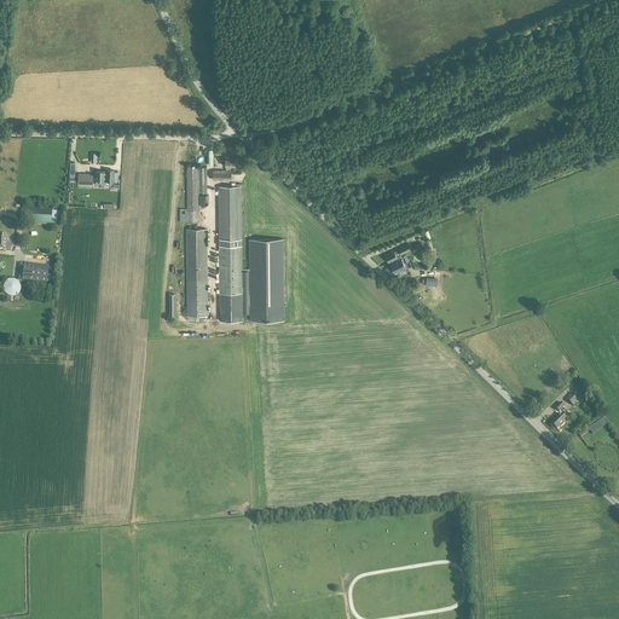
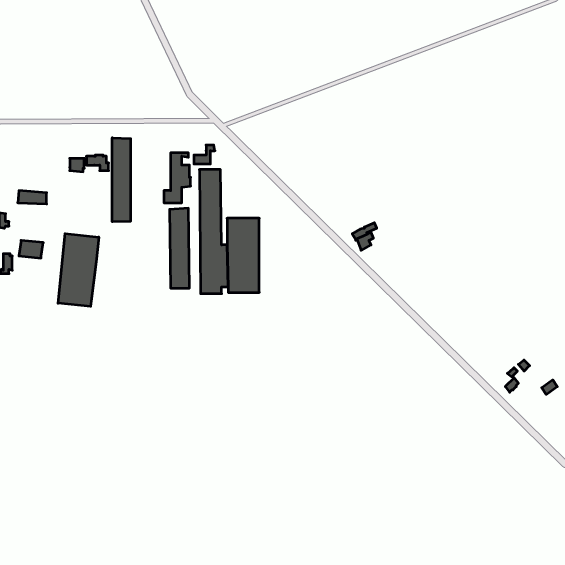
building: none -> [112,138,131,222]
building: none -> [58,234,99,306]

